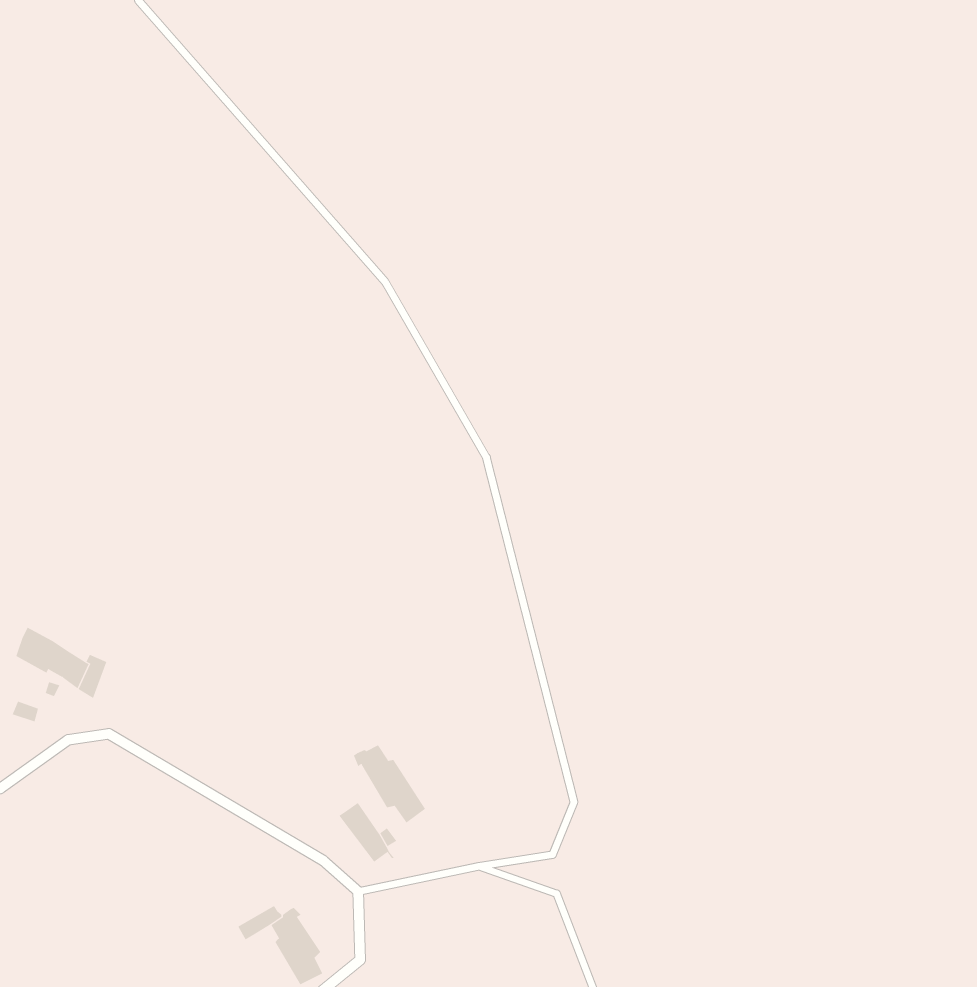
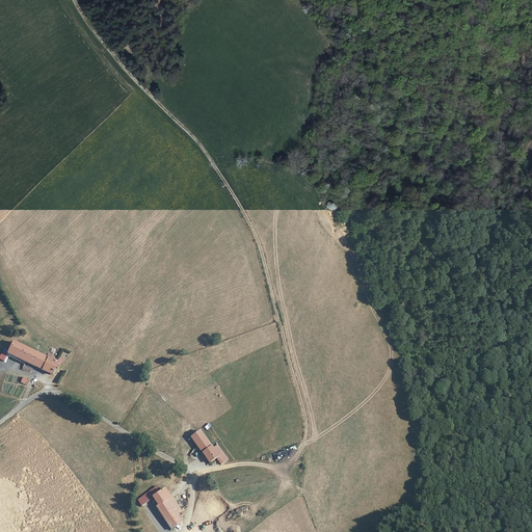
building: [353,745,426,823] -> none

